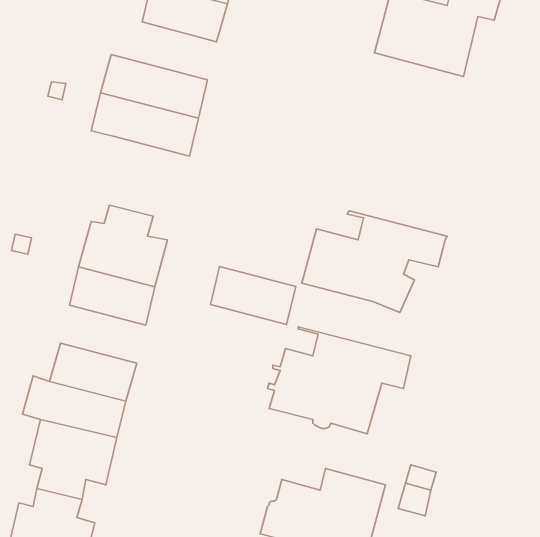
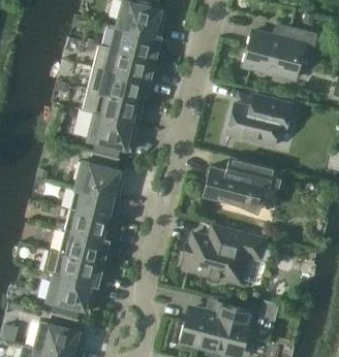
building: none -> [92,46,152,83]
building: none -> [224,95,290,148]
building: none -> [86,115,136,160]
building: [210,266,296,325] -> [63,210,112,244]

